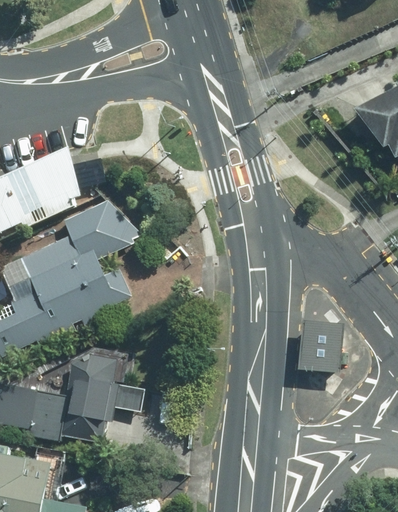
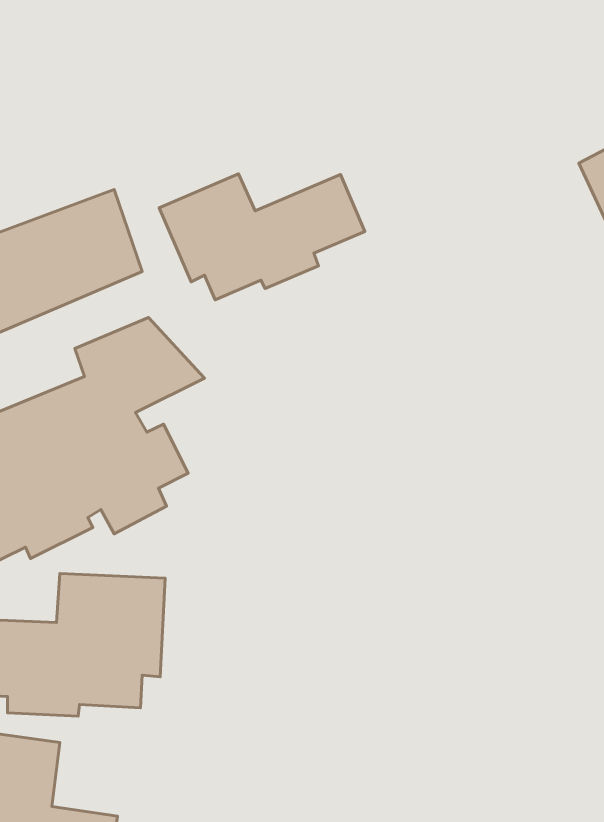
building: none -> [159,174,365,300]
building: [301,322,347,376] -> none

